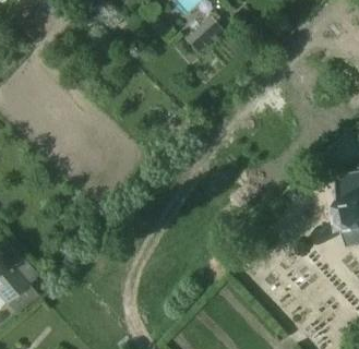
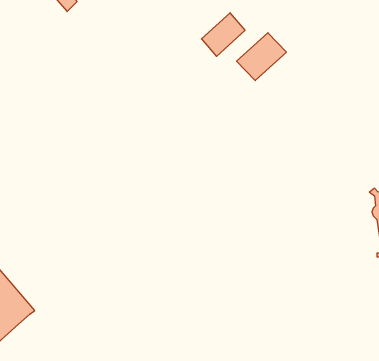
building: none -> [237,33,286,81]

